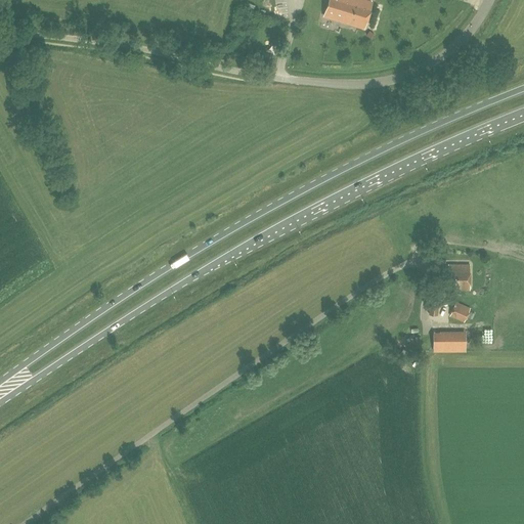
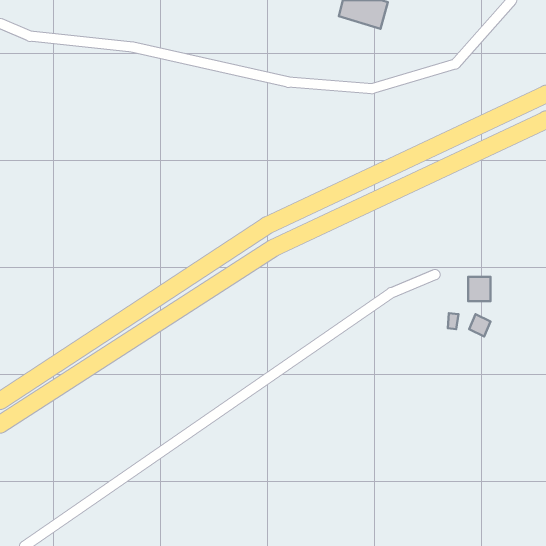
building: [433,331,466,352] -> none

